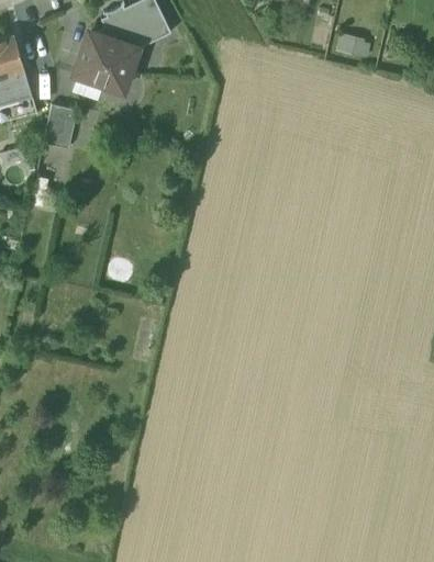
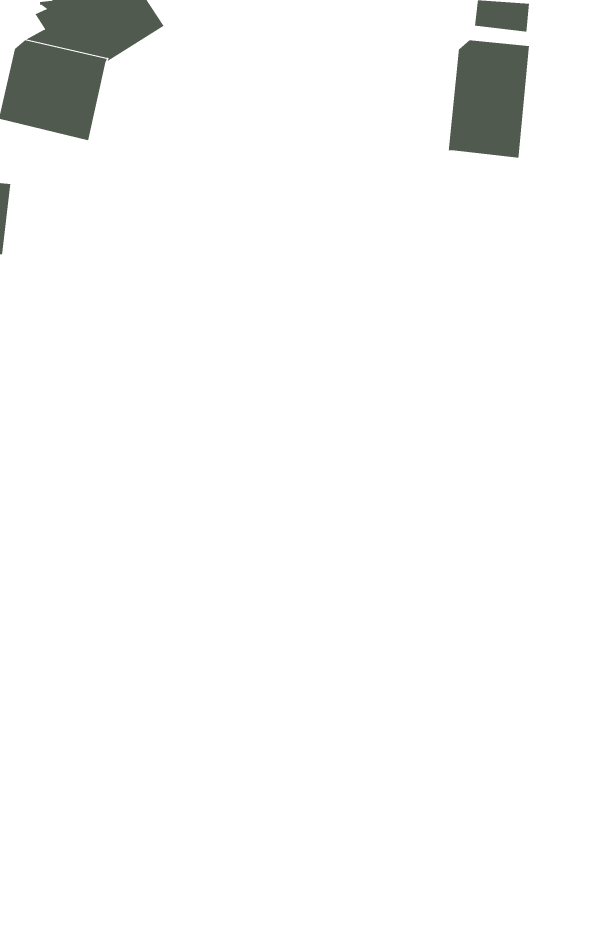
building: none -> [448,39,529,158]

